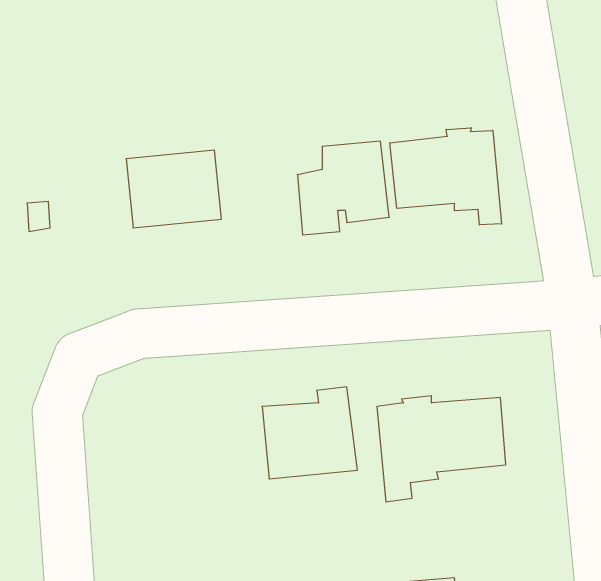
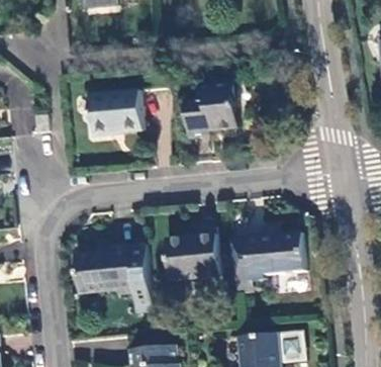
building: [390,128,502,225] -> none
building: none -> [77,241,151,306]

